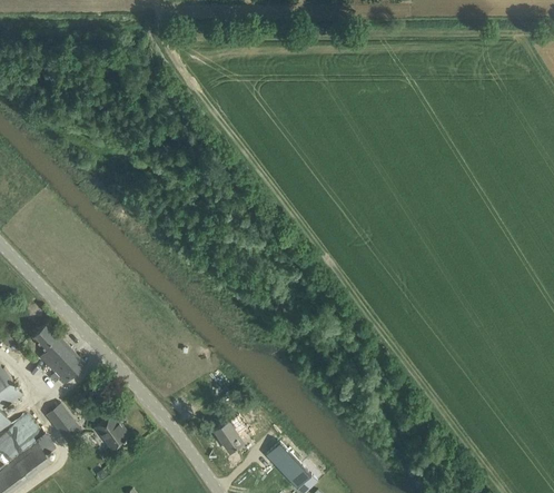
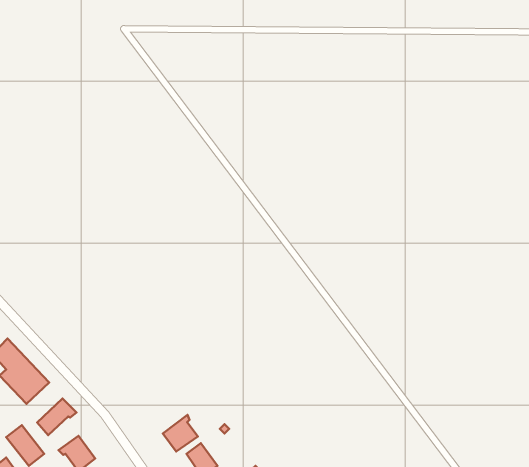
building: none -> [37,398,77,435]
building: none -> [163,415,198,452]

